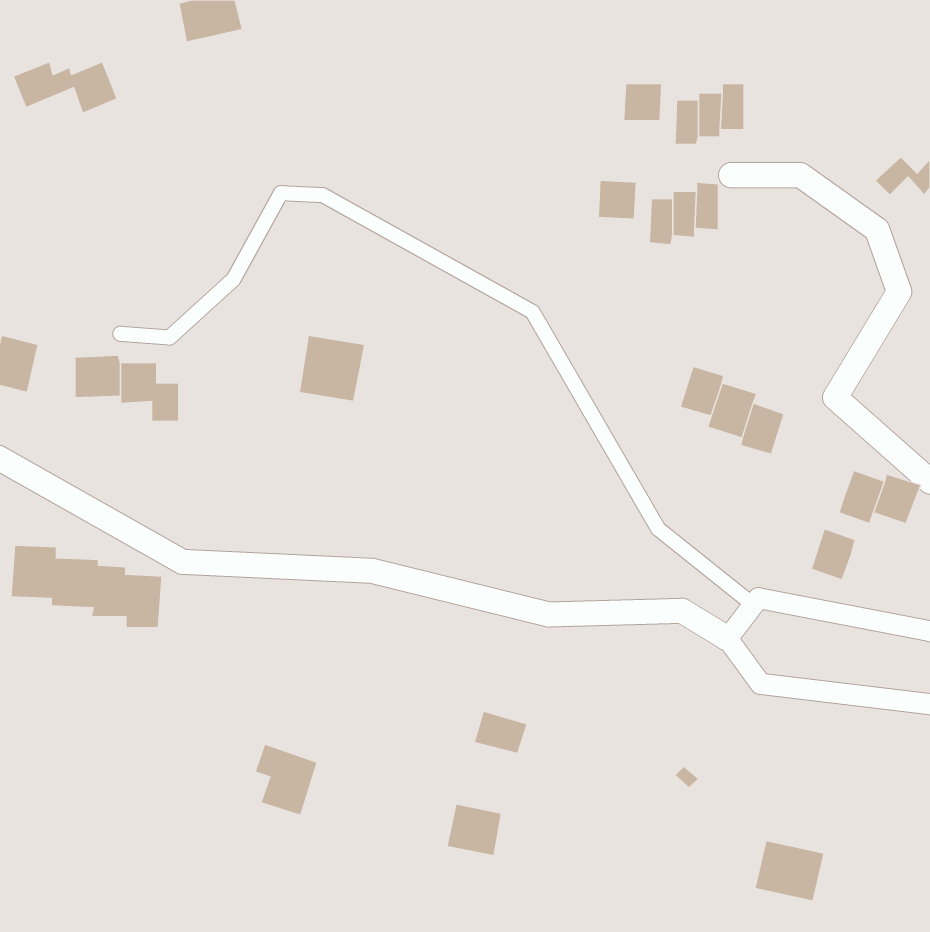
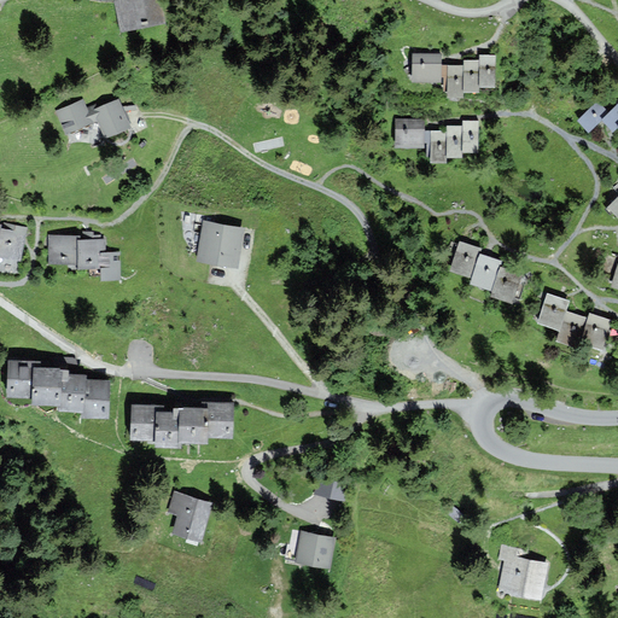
building: [13,62,117,113] -> [58,101,127,135]
building: [811,529,855,580] -> [538,295,567,328]
building: none -> [132,403,231,444]

